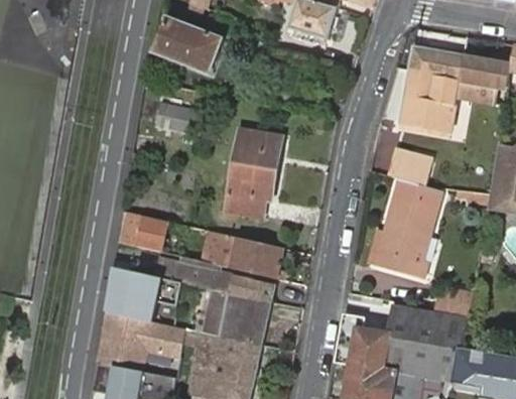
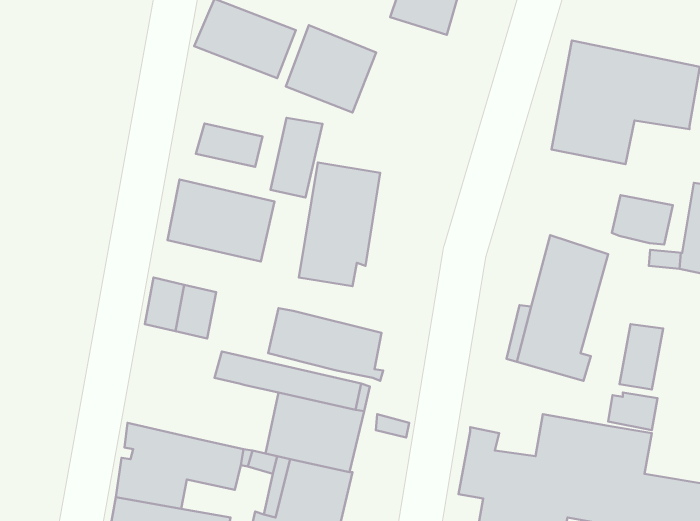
building: none -> [286,25,376,113]
building: none -> [270,118,323,197]
building: none -> [167,179,274,261]
building: [394,152,436,186] -> [612,195,673,244]
building: none -> [620,324,663,390]
building: [106,267,183,321] -> none

